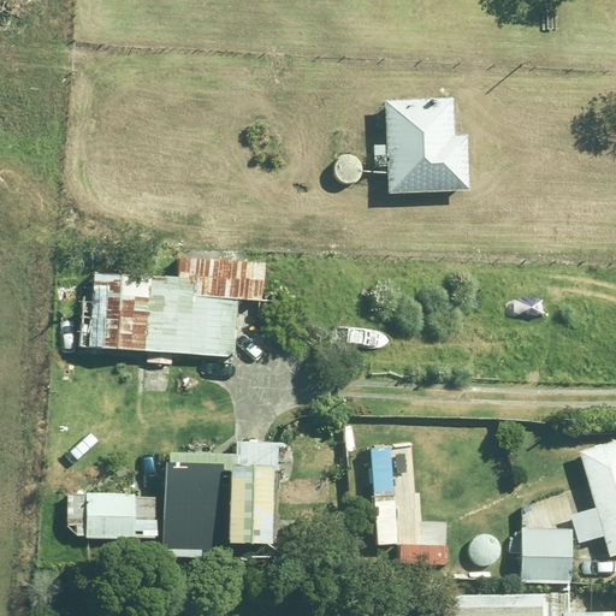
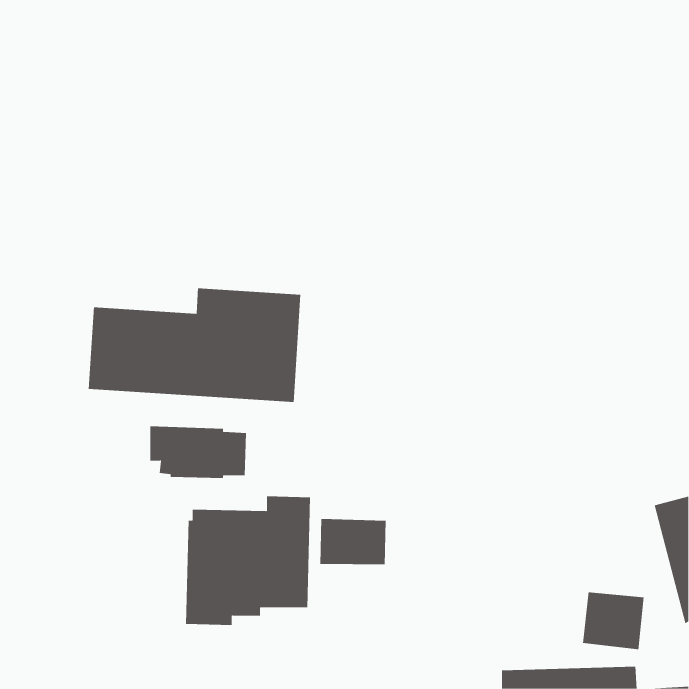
building: [385,97,466,192] -> none
building: none -> [320,518,386,565]
building: [69,492,155,539] -> [149,426,247,479]

